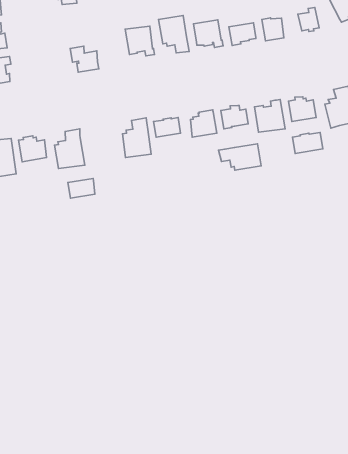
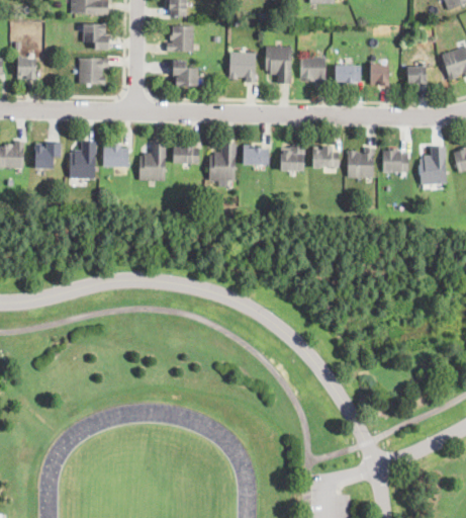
building: none -> [166,25,193,52]
building: [292,132,323,153] -> none
building: [219,144,261,170] -> none
building: [68,178,95,198] -> [172,147,198,163]

